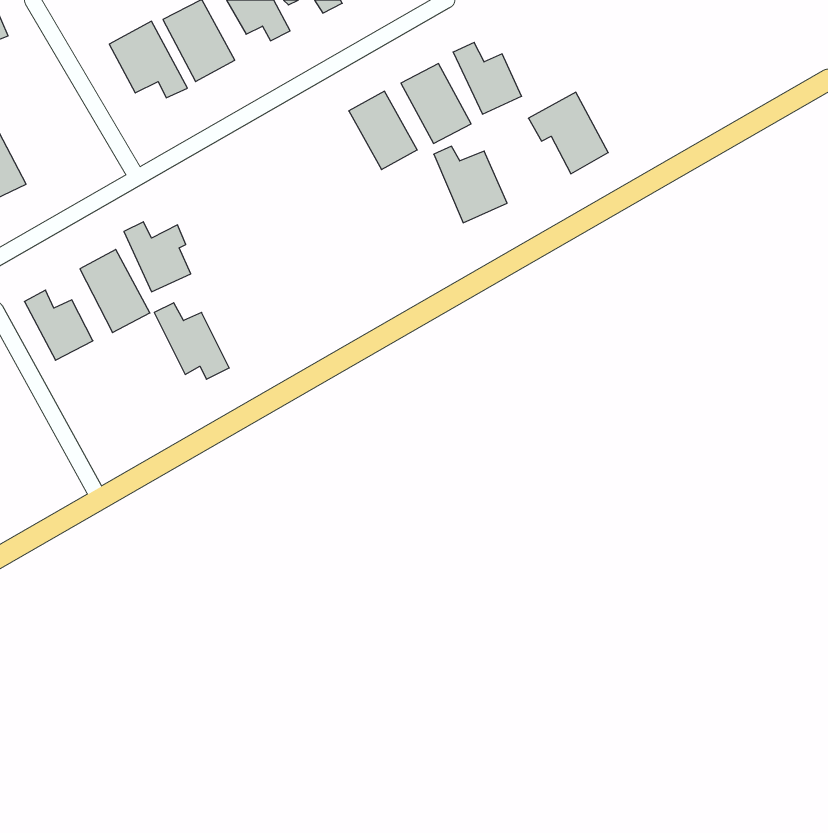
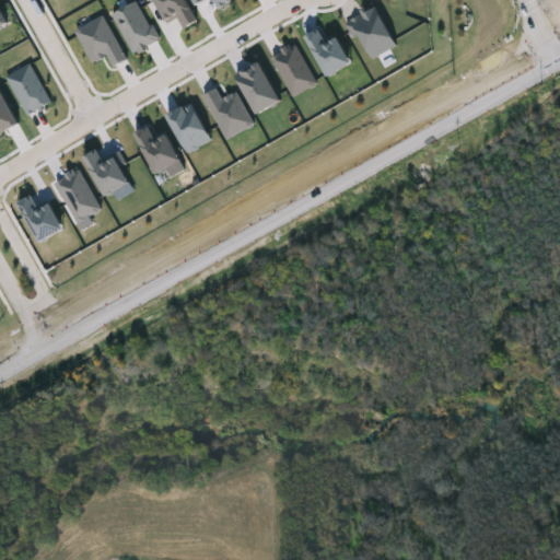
building: [528,92,608,174] -> [342,4,396,59]
building: none -> [5,63,49,116]
building: [434,146,507,223] -> [203,88,253,139]
building: none -> [165,102,211,153]
building: [154,303,229,379] -> [133,126,184,177]

